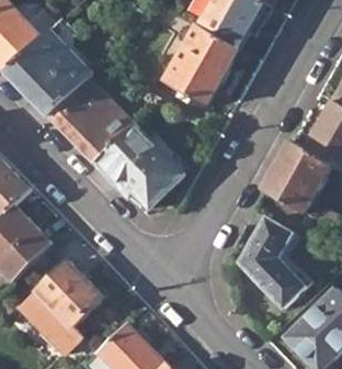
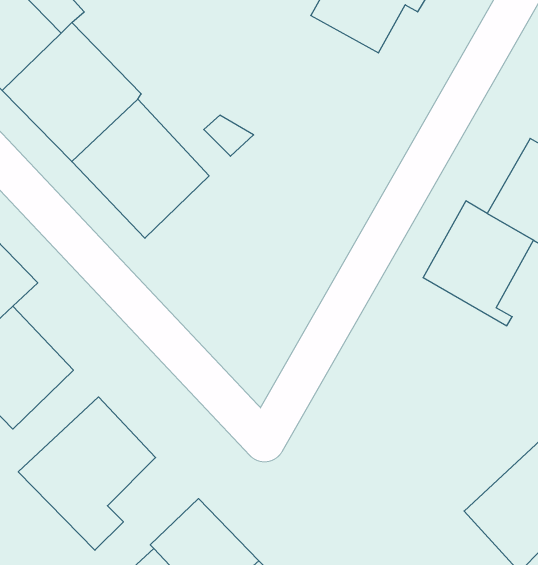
building: [160,23,237,107] -> none
building: [93,124,182,208] -> none
building: [239,216,311,310] -> none

